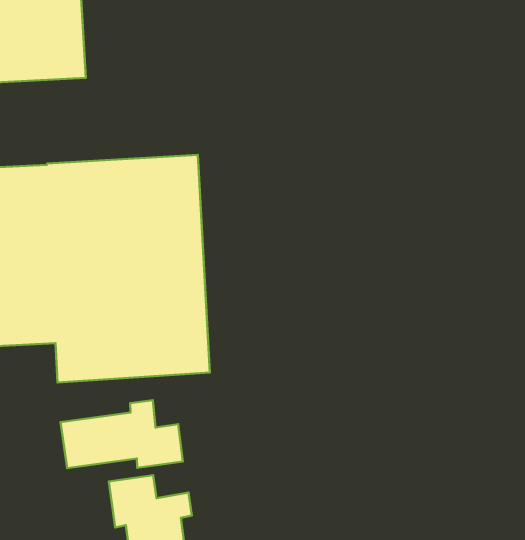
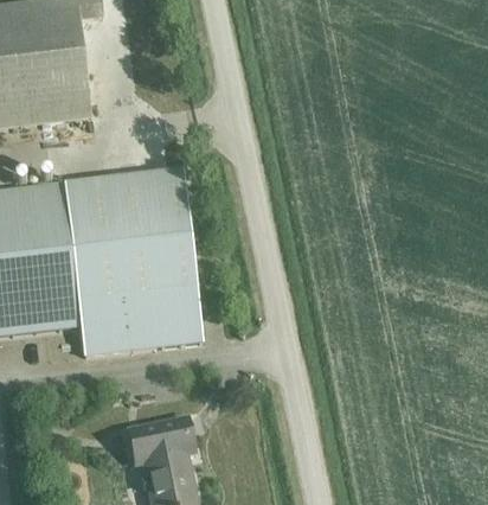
building: [61,400,183,468] -> none

